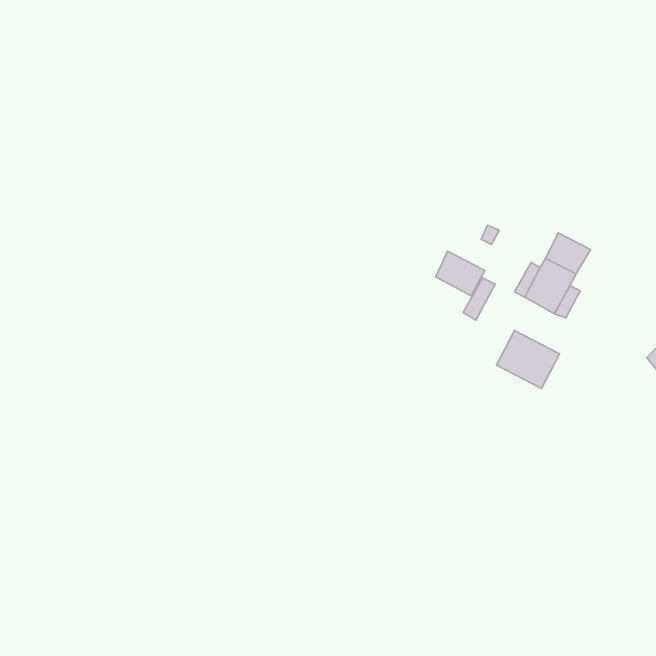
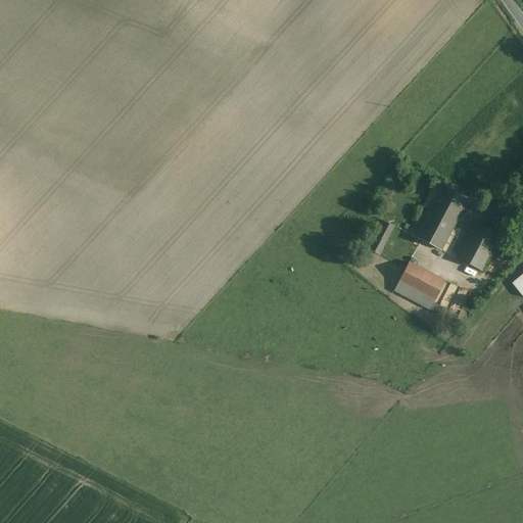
building: [436,251,485,296] -> none
building: none -> [458,225,498,270]

